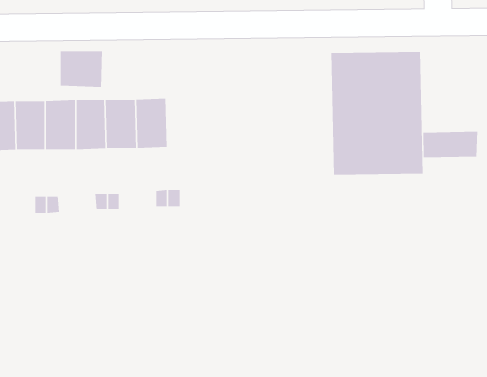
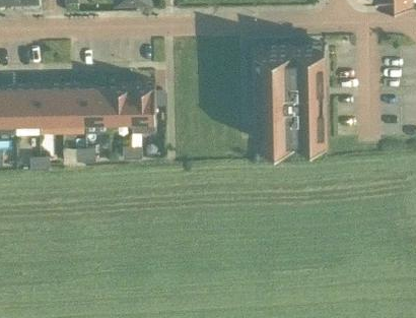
building: [60,50,103,88] -> none
building: none -> [129,86,152,124]
building: [423,131,478,158] -> none

